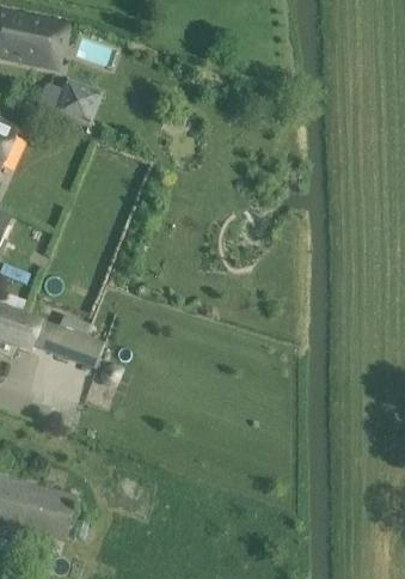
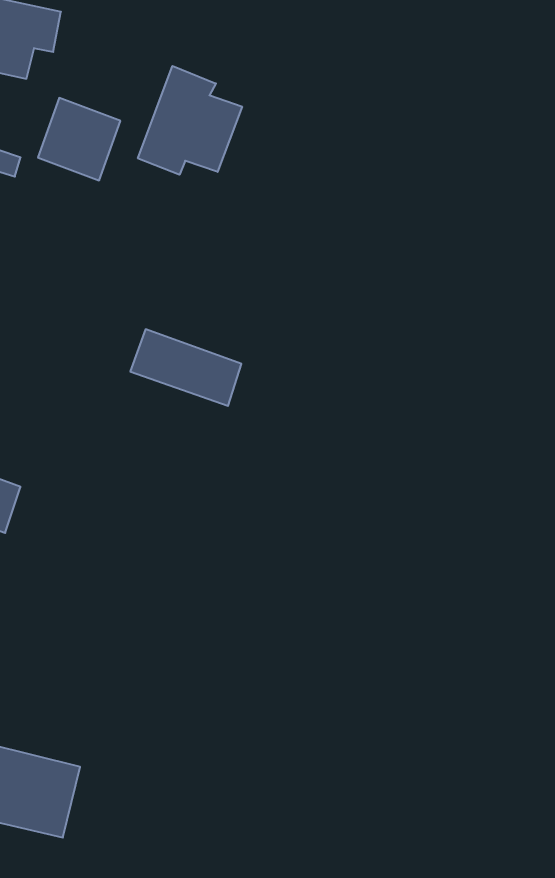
building: none -> [138,66,242,175]
building: [31,319,100,367] -> [130,329,241,406]

